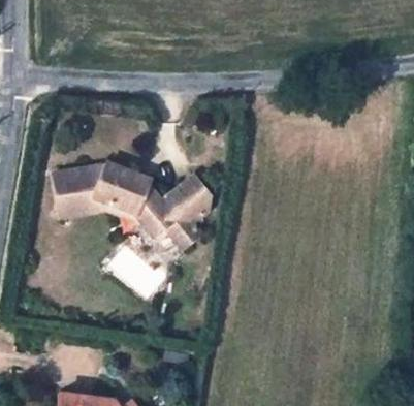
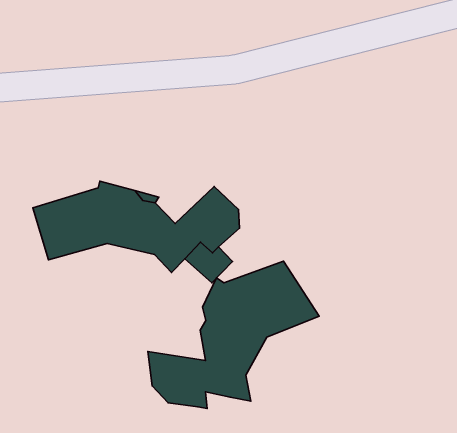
building: none -> [148,261,319,409]

